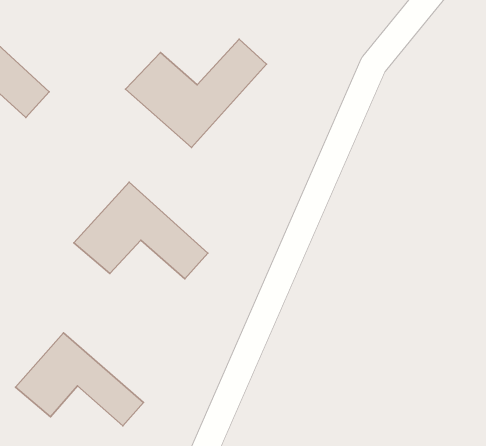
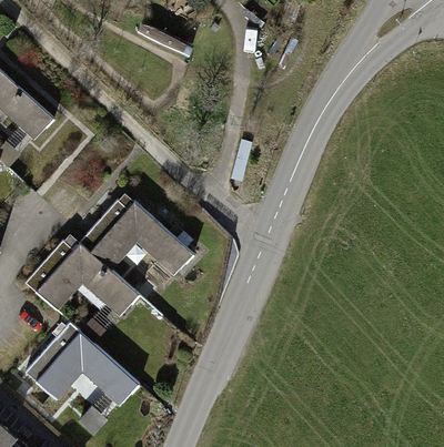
building: [126,39,267,147] -> none
building: none -> [24,238,134,321]

